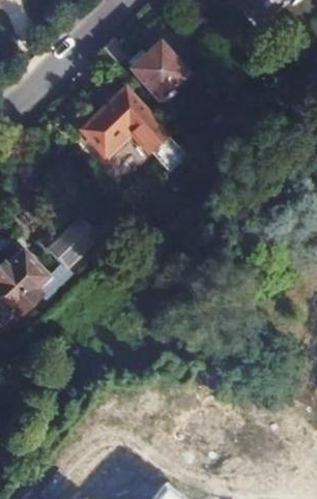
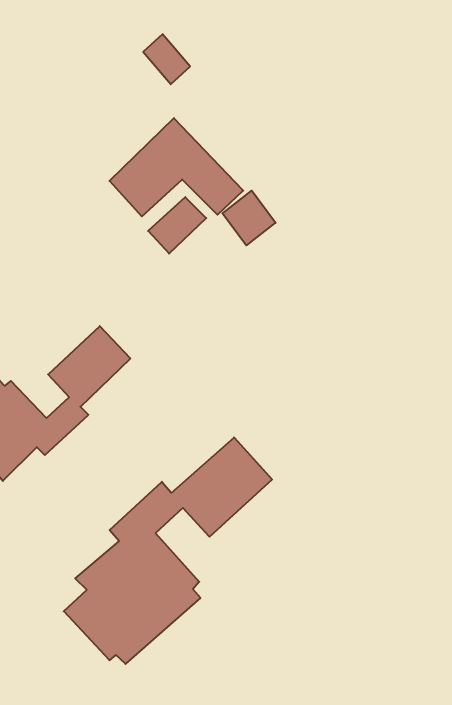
building: [133,42,185,99] -> none
building: none -> [64,437,272,664]

